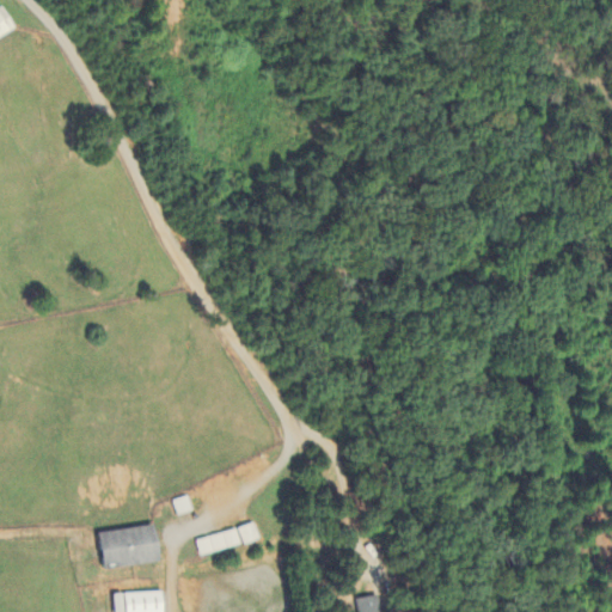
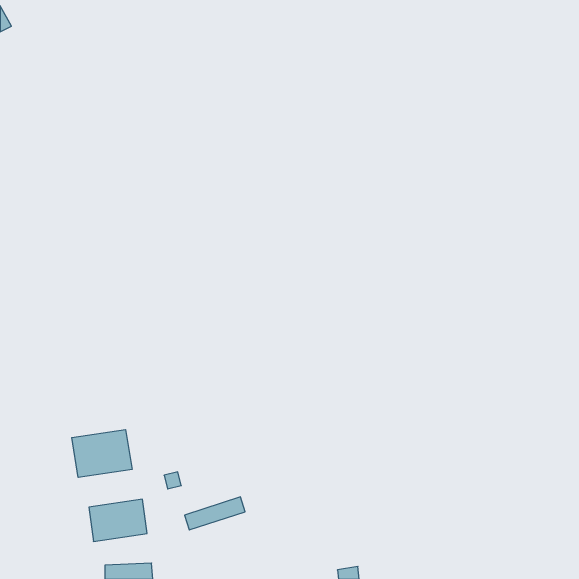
building: none -> [72,430,132,477]

